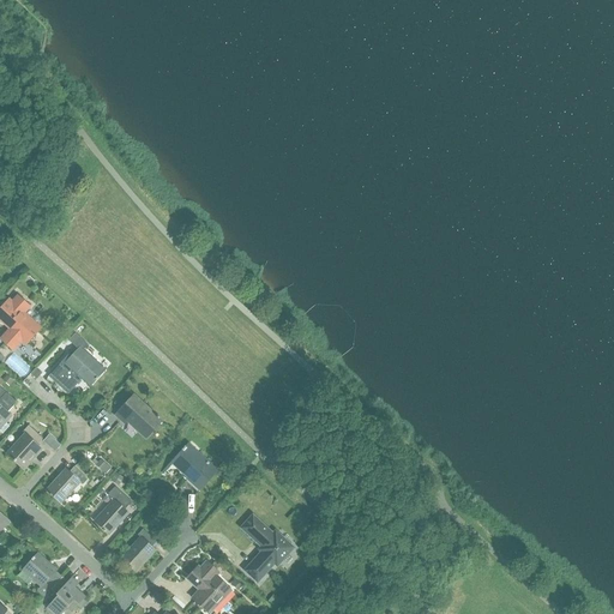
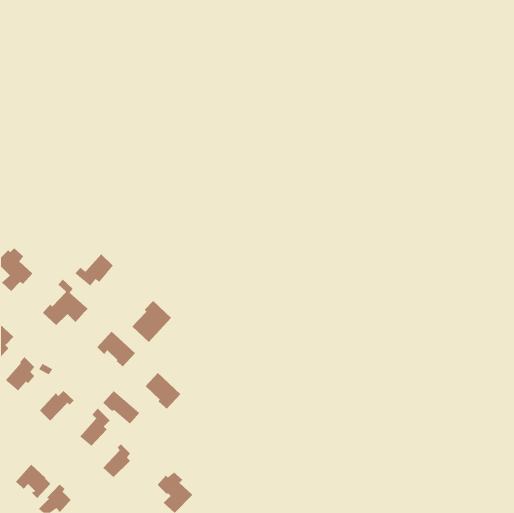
building: none -> [74,253,114,286]
building: none -> [131,300,172,343]
building: none -> [102,390,140,425]
building: [241,516,290,582] -> none

